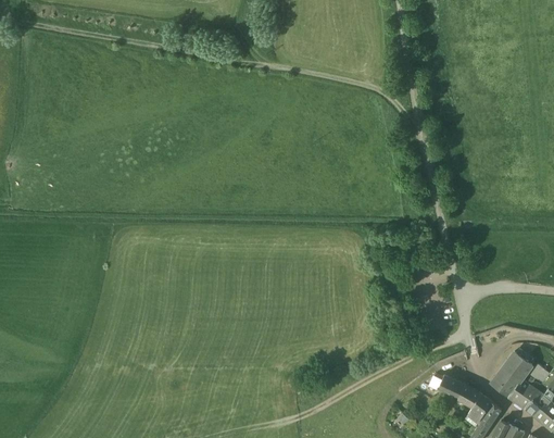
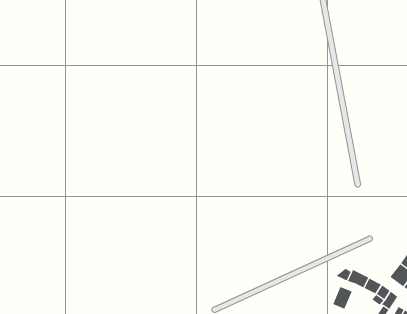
building: none -> [332,286,352,310]

